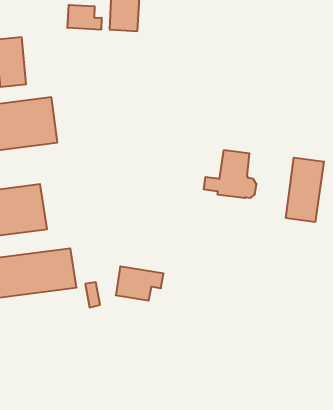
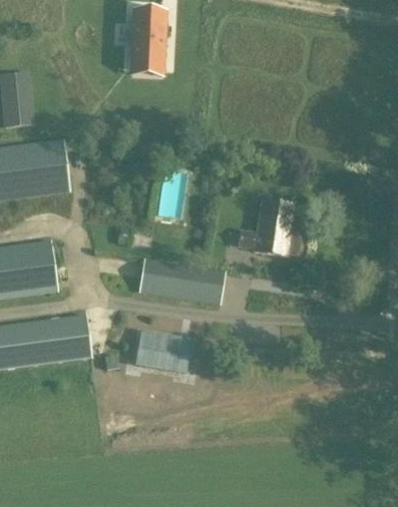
building: [67,5,102,30] -> none
building: [286,158,324,222] -> none
building: none -> [137,259,223,305]

